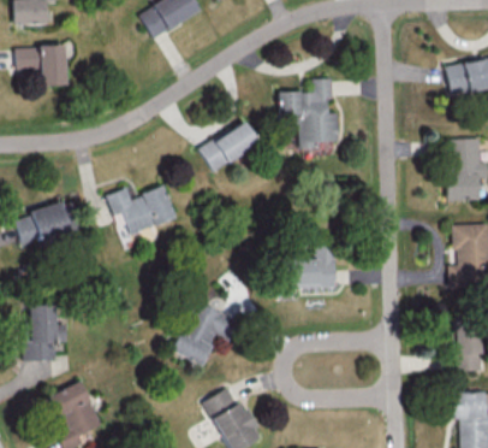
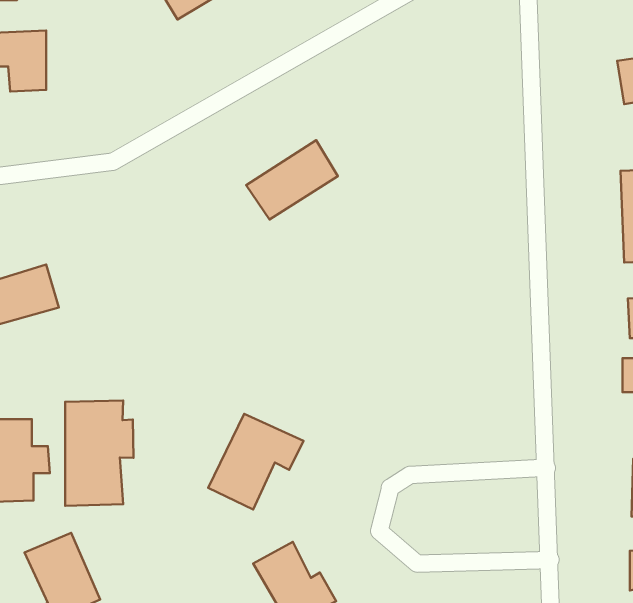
building: [279,79,338,149] -> none
building: [106,187,175,235] -> none
building: [286,248,337,289] -> none
building: none -> [65,400,133,506]

